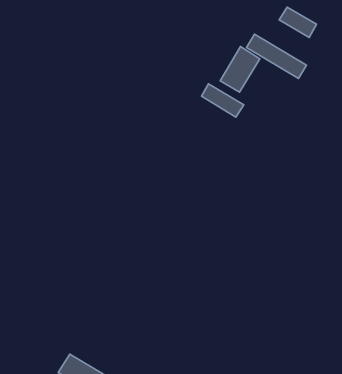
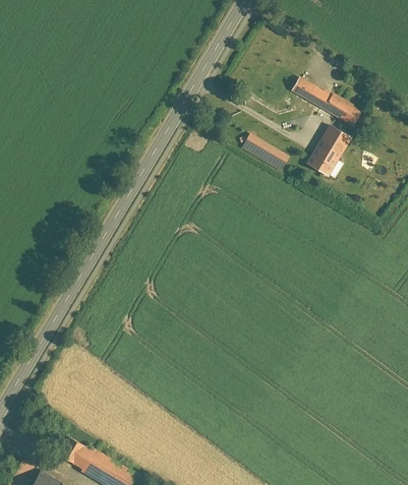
building: [279,7,317,38] -> none
building: [220,46,260,92] -> [304,124,350,177]

